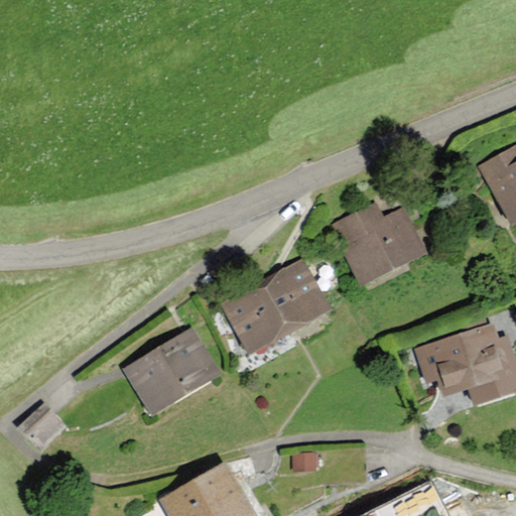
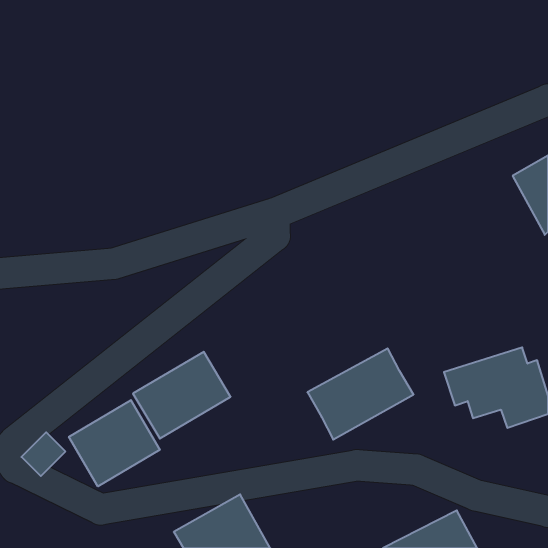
building: [333,206,423,282] -> none
building: [226,263,326,349] -> [307,348,414,440]
building: none -> [69,400,160,486]

